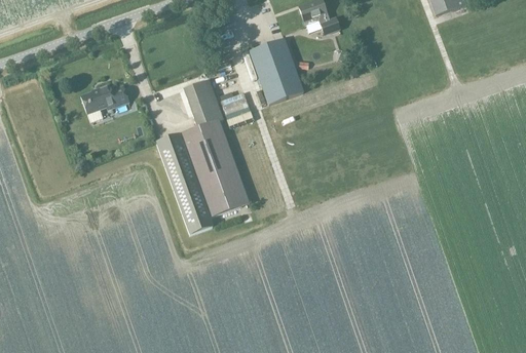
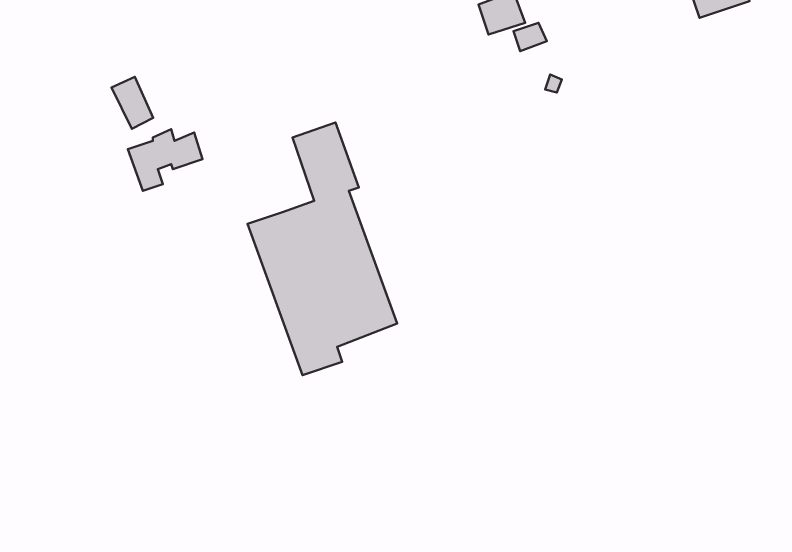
building: [249,37,303,104] -> none
building: none -> [112,77,153,129]

